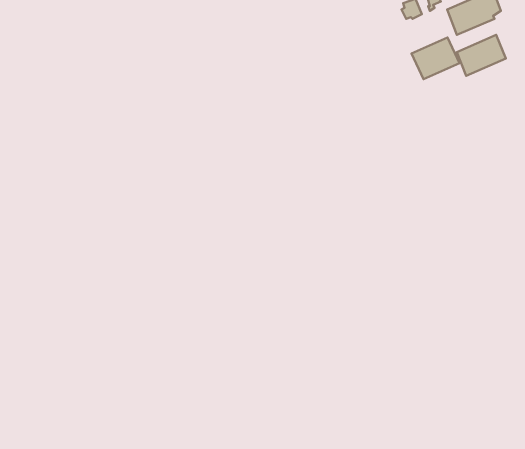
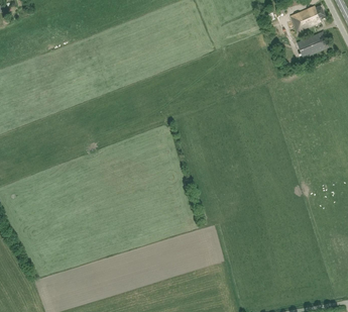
building: [411,38,460,79] -> none

